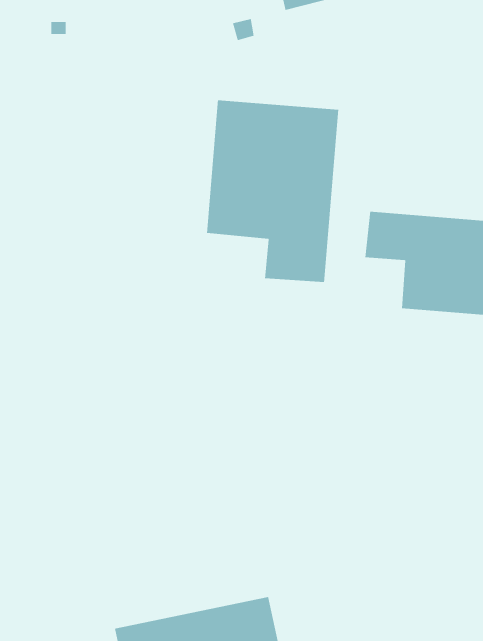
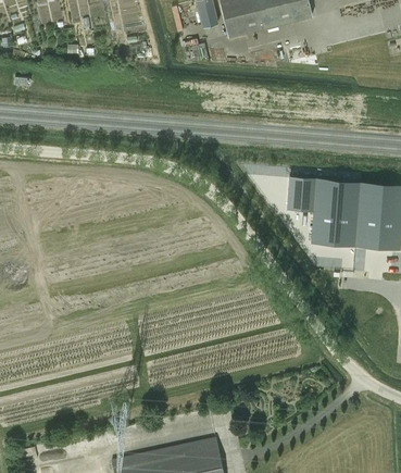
building: [207,99,339,283] -> none

